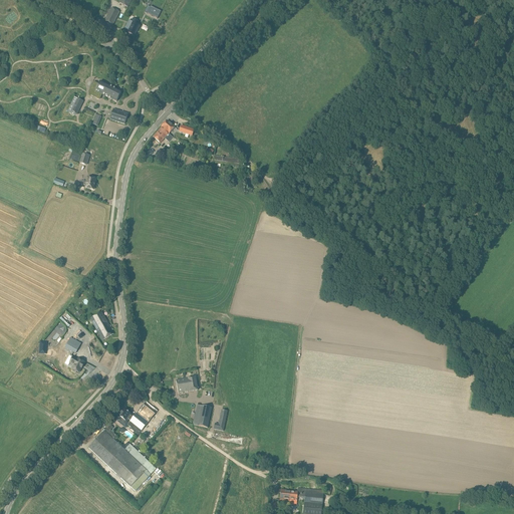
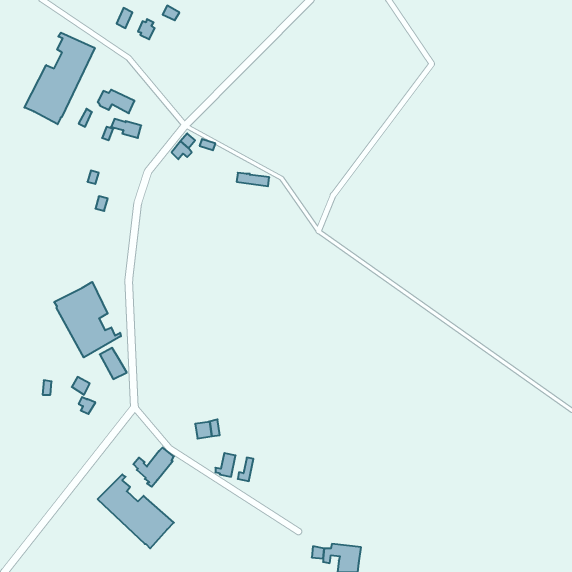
building: none -> [24,33,95,124]
building: none -> [54,282,121,357]

